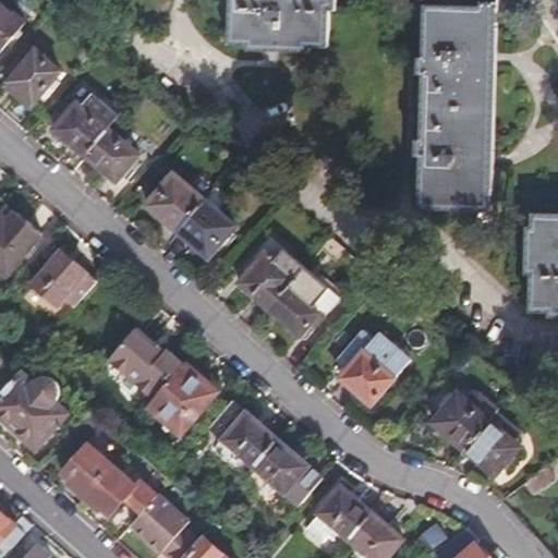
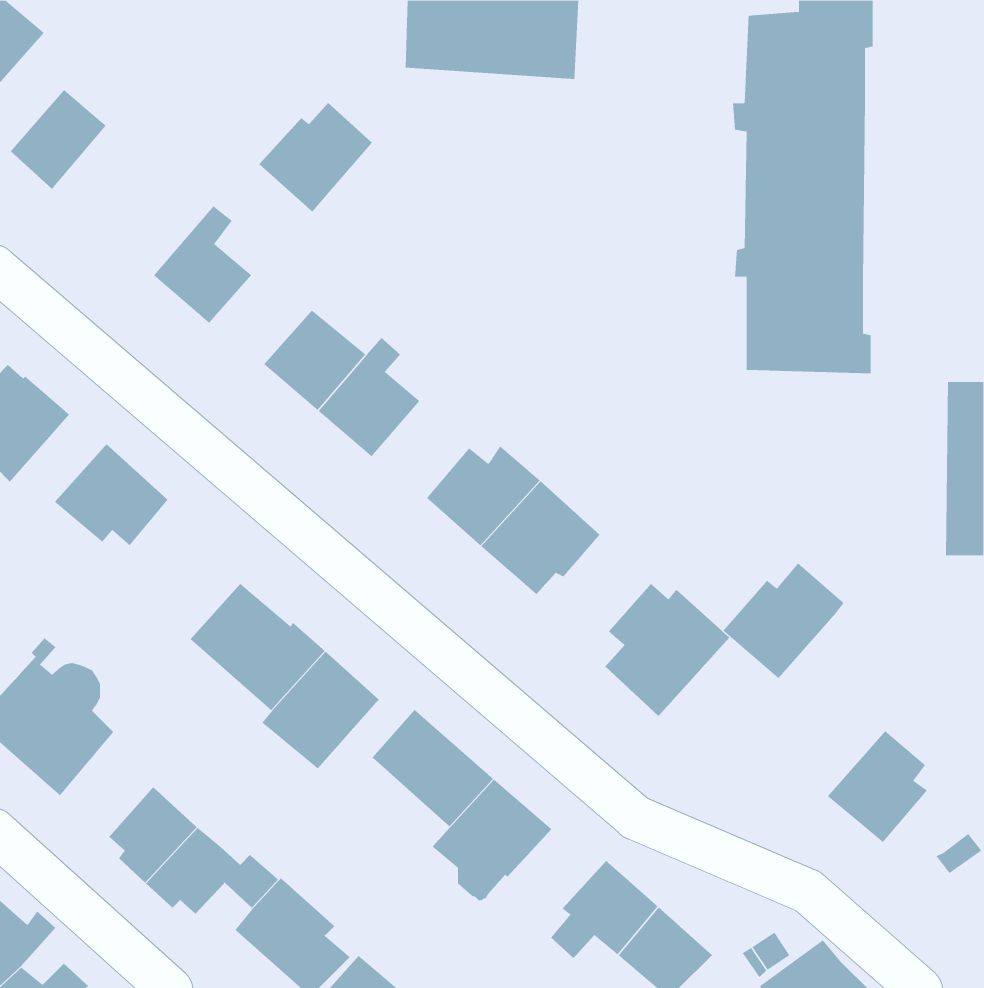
building: [56,94,120,156] -> [258,102,373,213]
building: [434,384,502,449] -> [722,563,844,679]

